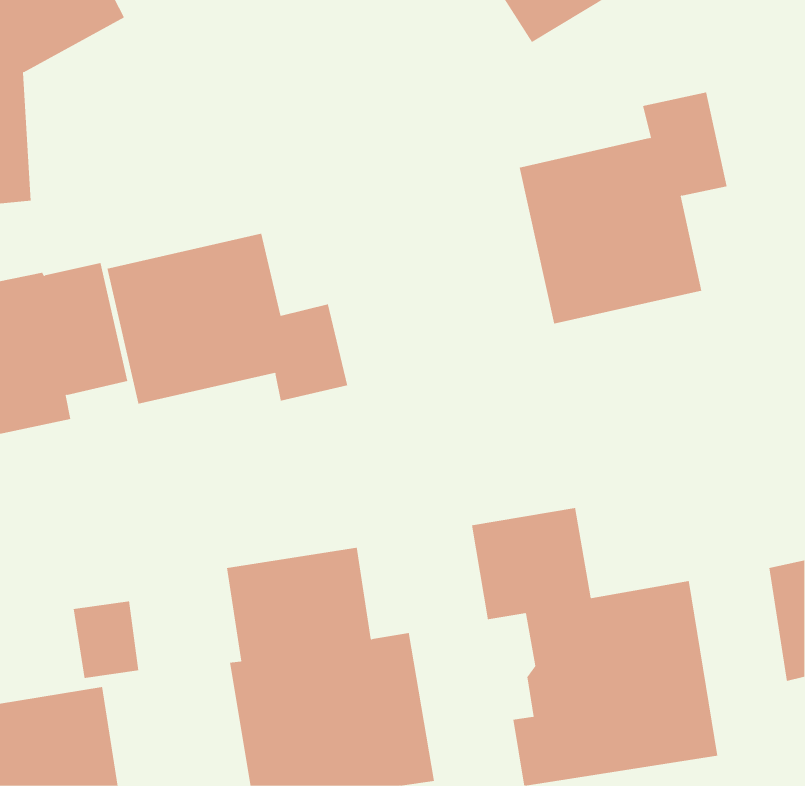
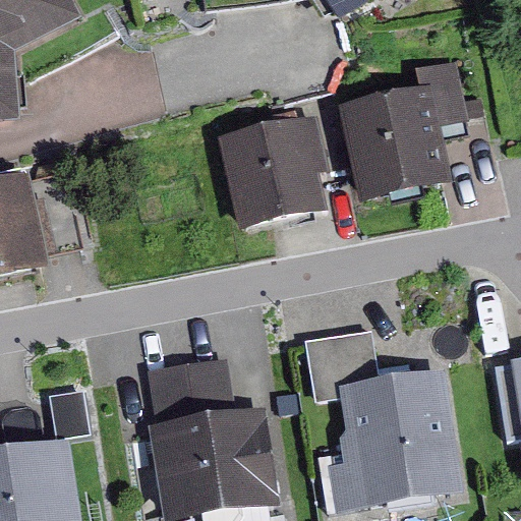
building: none -> [215,114,330,233]
building: [107,233,348,404] -> none

